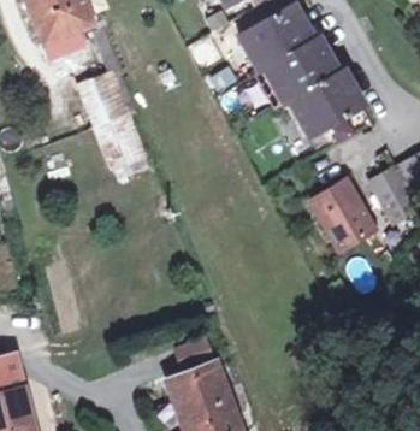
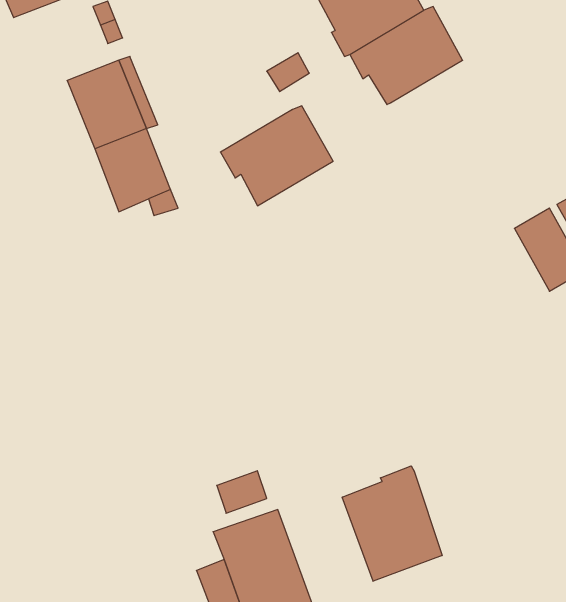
building: [291,69,365,134] -> [220,106,333,206]
building: [310,178,375,249] -> none
building: none -> [342,466,442,581]

